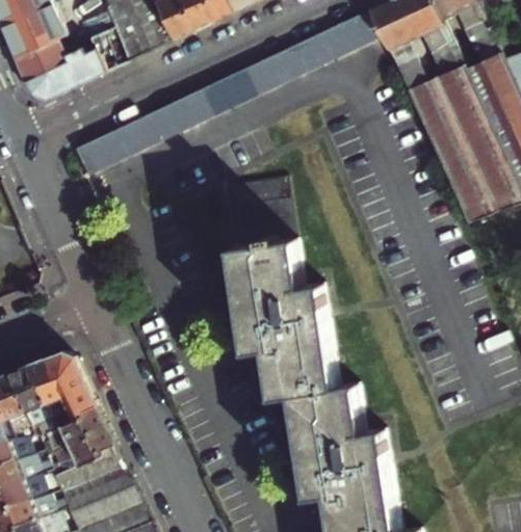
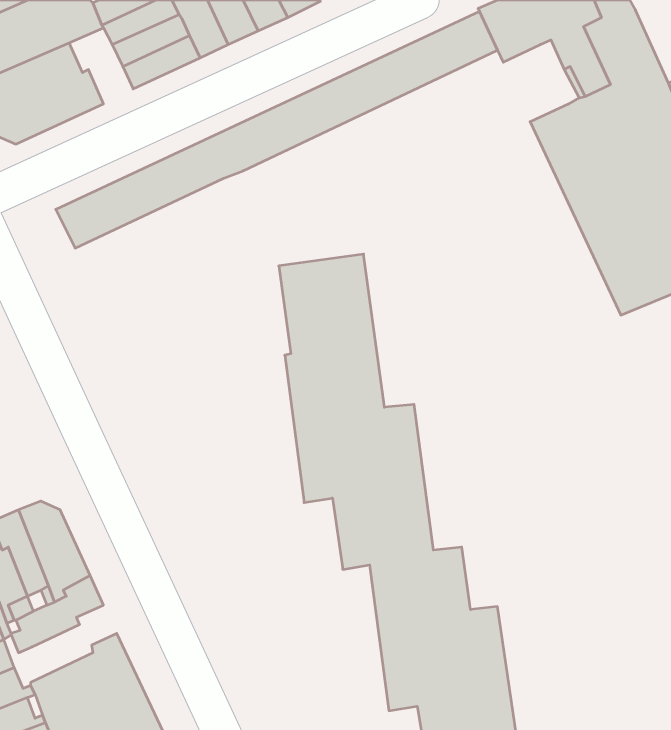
building: [385,32,431,86] -> none
building: [49,424,114,478] -> none

